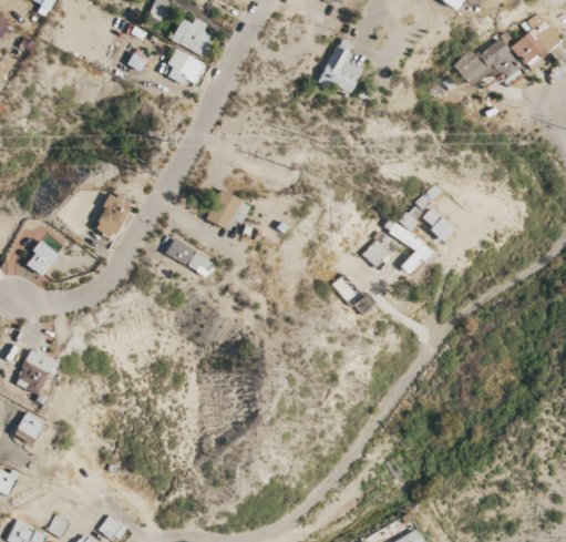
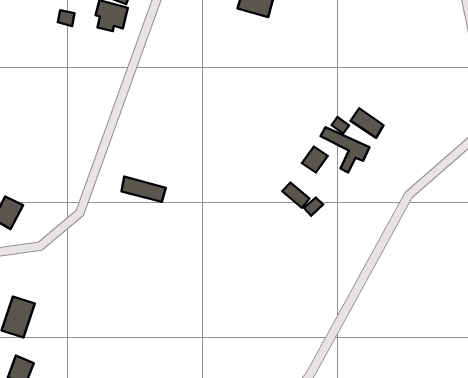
building: [205,191,250,229] -> none
building: [93,192,131,238] -> none

